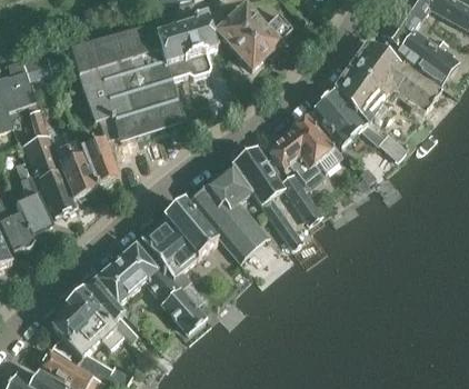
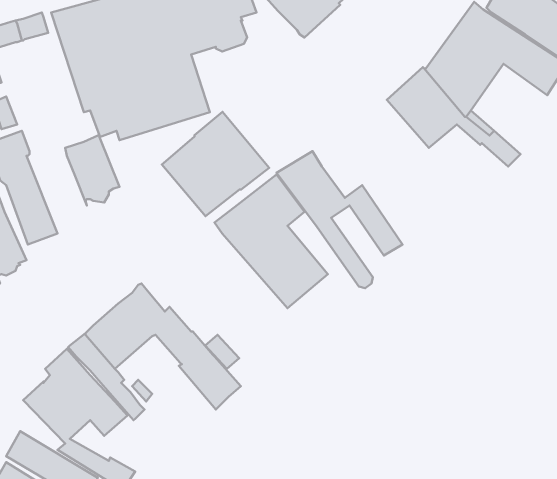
building: [268,116,342,180] -> none
building: [53,139,96,198] -> none
building: [140,201,217,276] -> [162,112,269,216]

